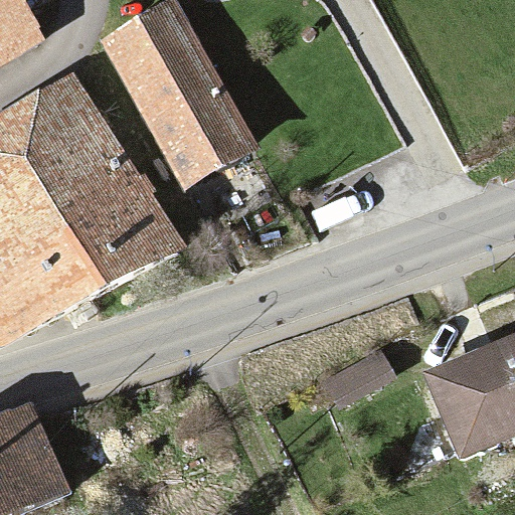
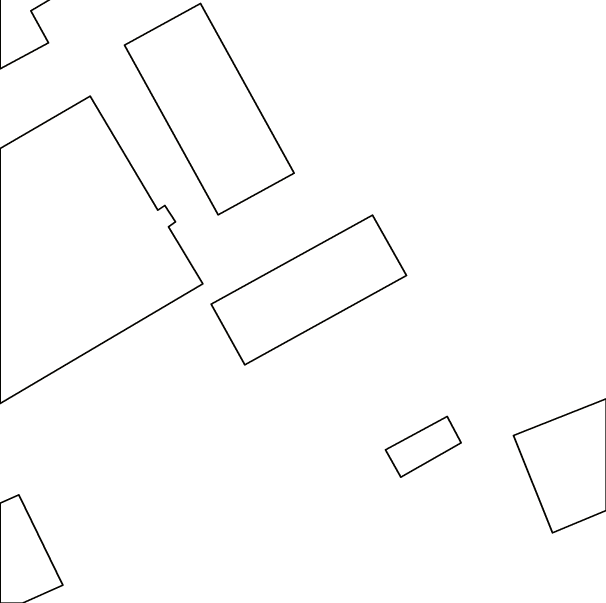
building: none -> [211,215,406,365]

